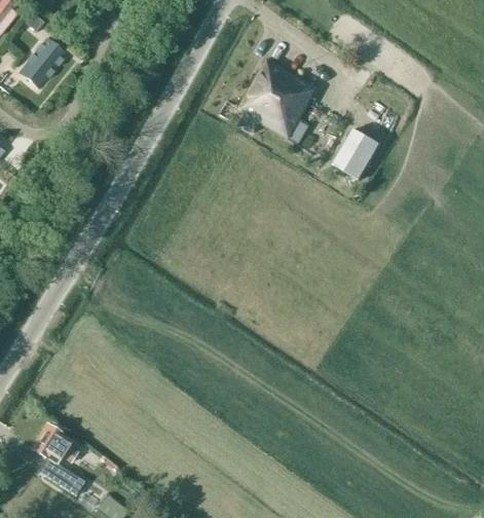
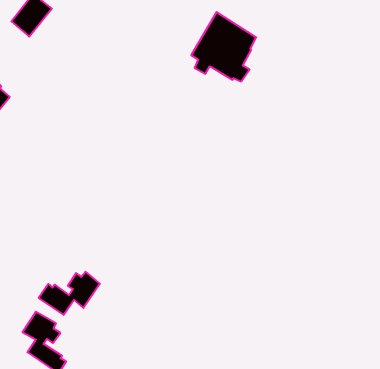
building: [332,129,379,180] -> none
building: none -> [39,272,100,315]

